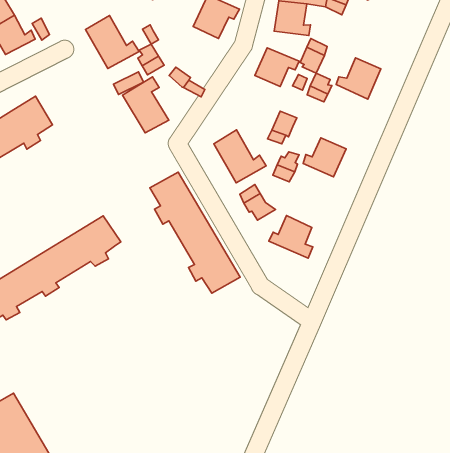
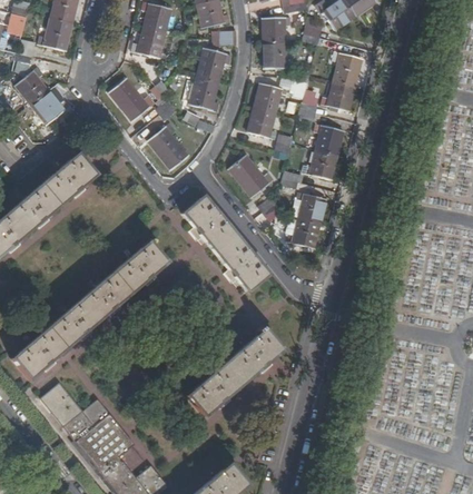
building: none -> [332,51,362,86]
building: none -> [189,76,219,112]
building: none -> [247,108,276,140]
building: none -> [313,125,343,156]
building: none -> [296,194,325,225]
building: none -> [185,326,280,416]

